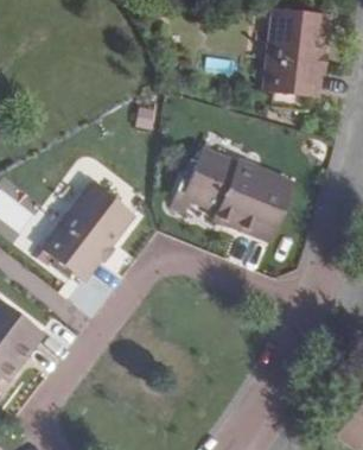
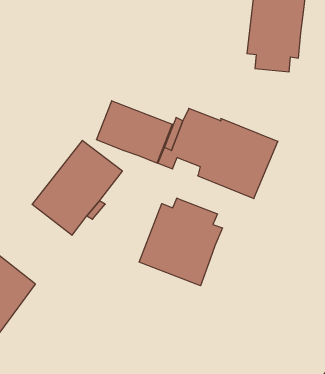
building: none -> [96,101,172,163]
building: none -> [139,198,222,286]

